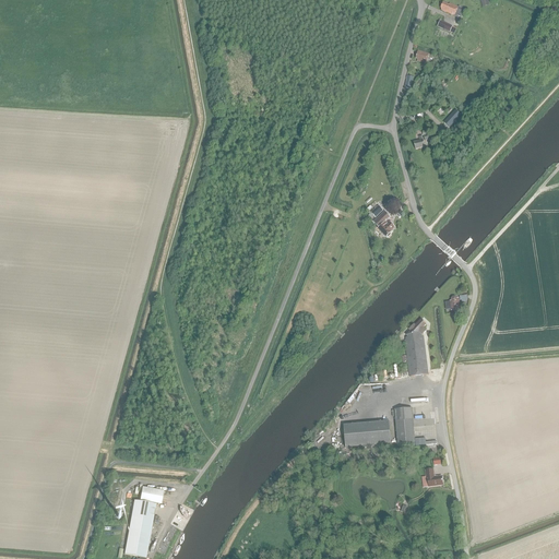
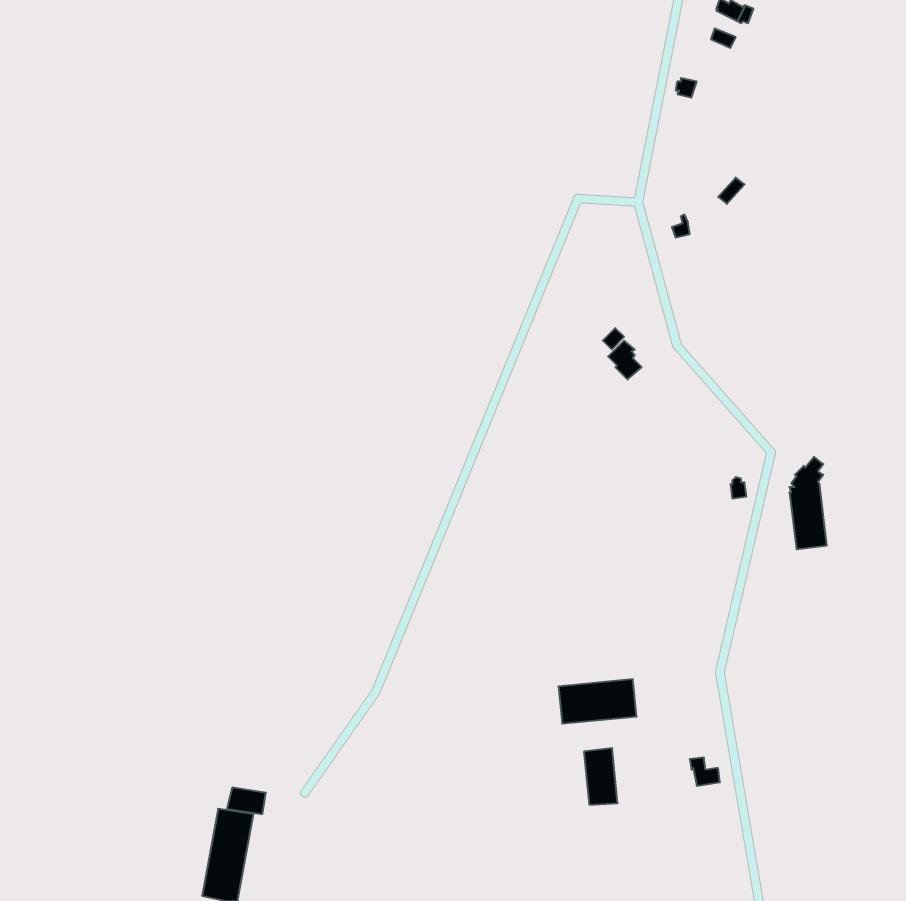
building: [405,317,428,373] -> [789,457,827,549]
building: [394,405,415,440] -> [584,748,618,805]

